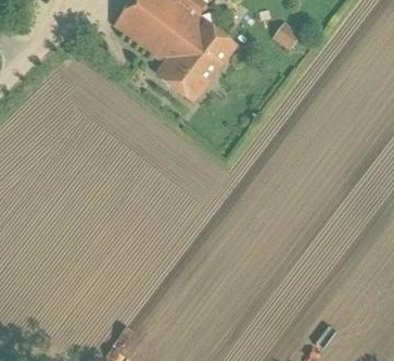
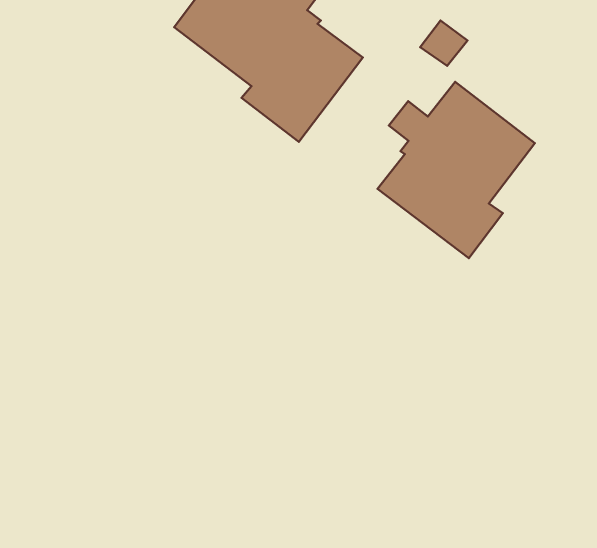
building: none -> [377,82,535,258]

